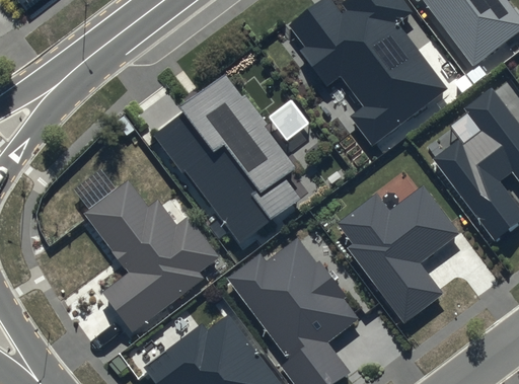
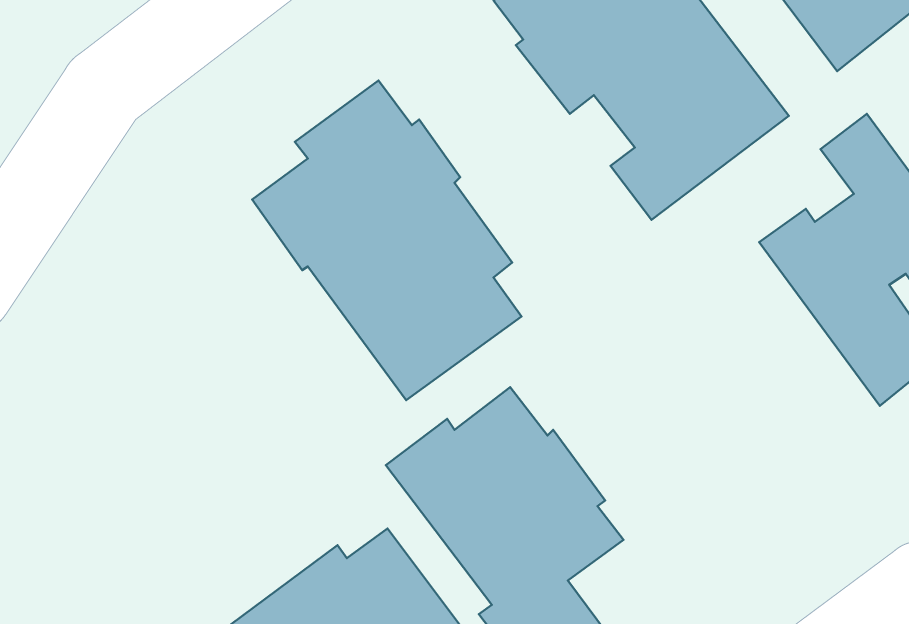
building: [85,180,220,329] -> none
building: [338,185,461,322] -> none

